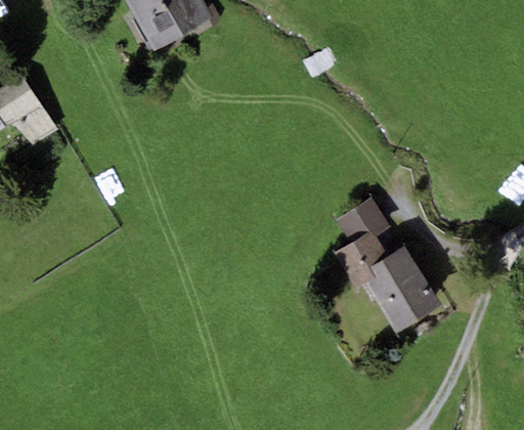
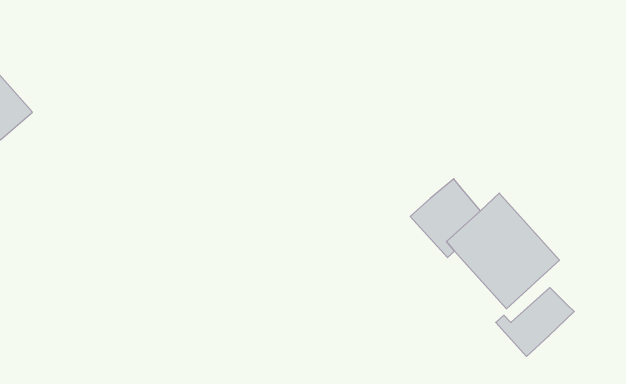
building: [337,197,390,242] -> none
building: none -> [496,288,574,356]

